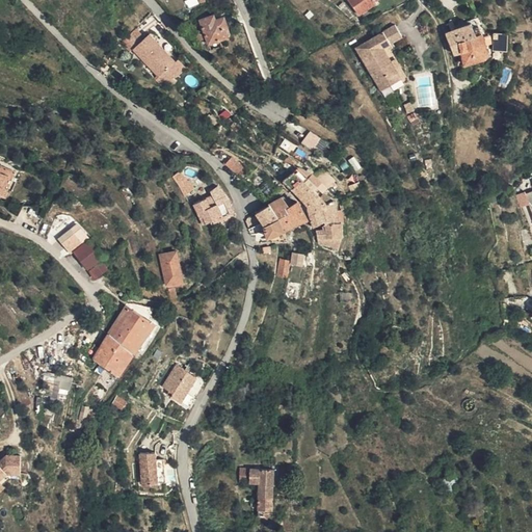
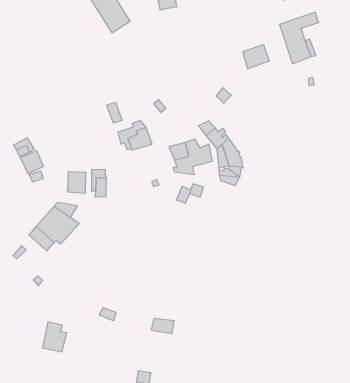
building: none -> [243,45,269,69]
building: none -> [68,172,85,193]
building: [92,347,124,375] -> none
building: [164,364,206,409] -> none
building: [247,473,273,488] -> [151,318,174,334]

